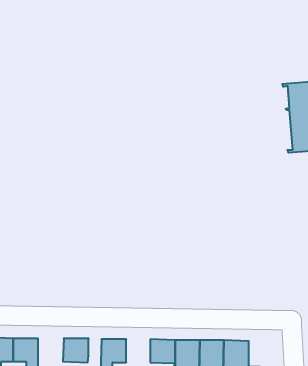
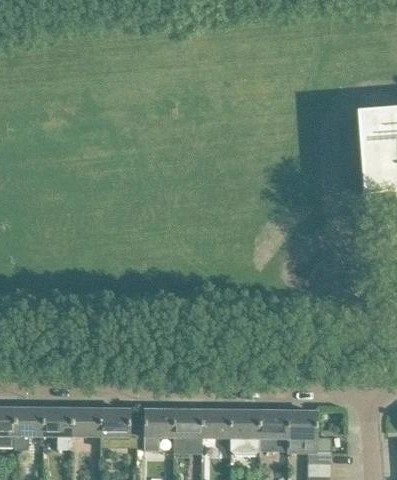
building: none -> [71,409,101,436]
building: none -> [174,410,202,437]

